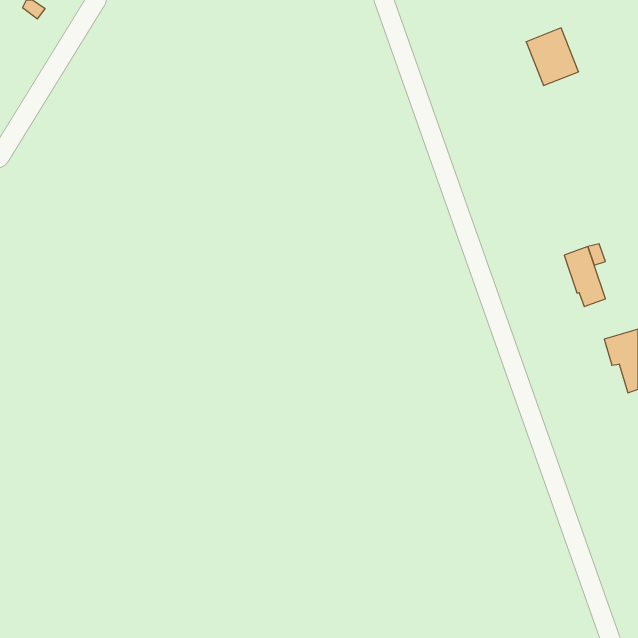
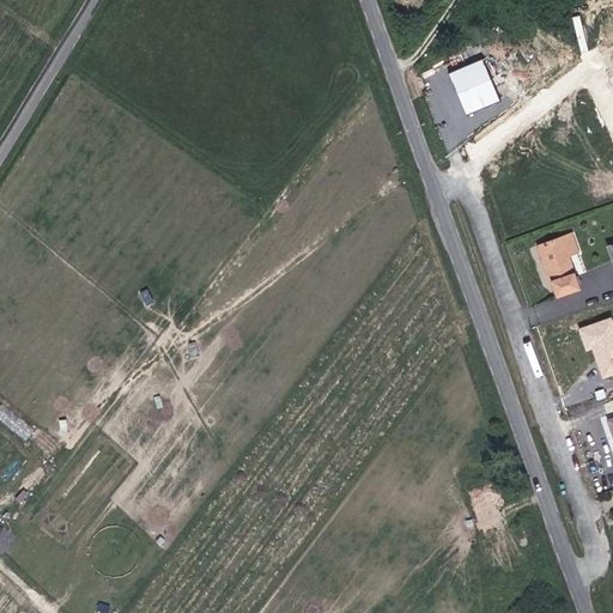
building: [526,28,579,86] -> [449,59,499,114]

